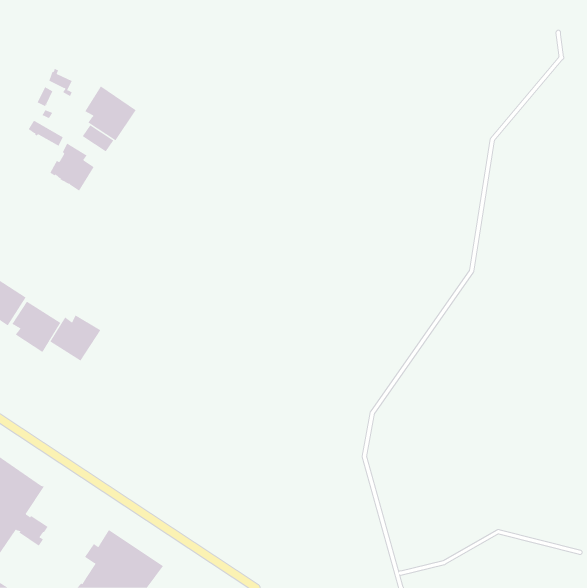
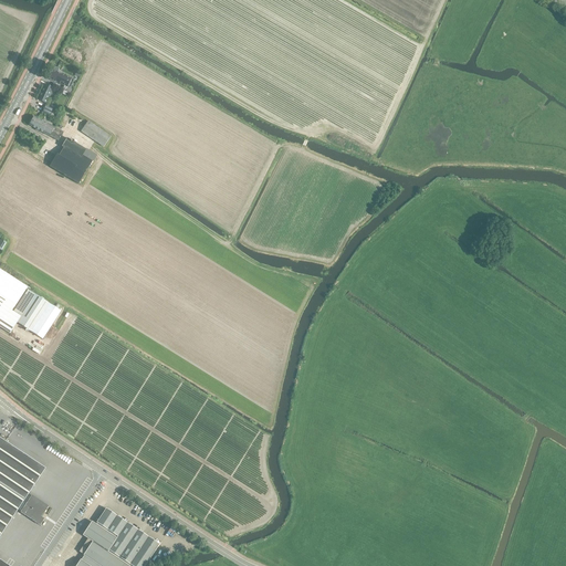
building: [85,86,137,141] -> none
building: [49,314,101,362] -> none

